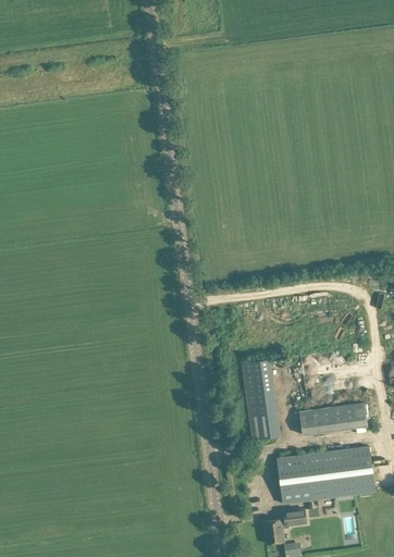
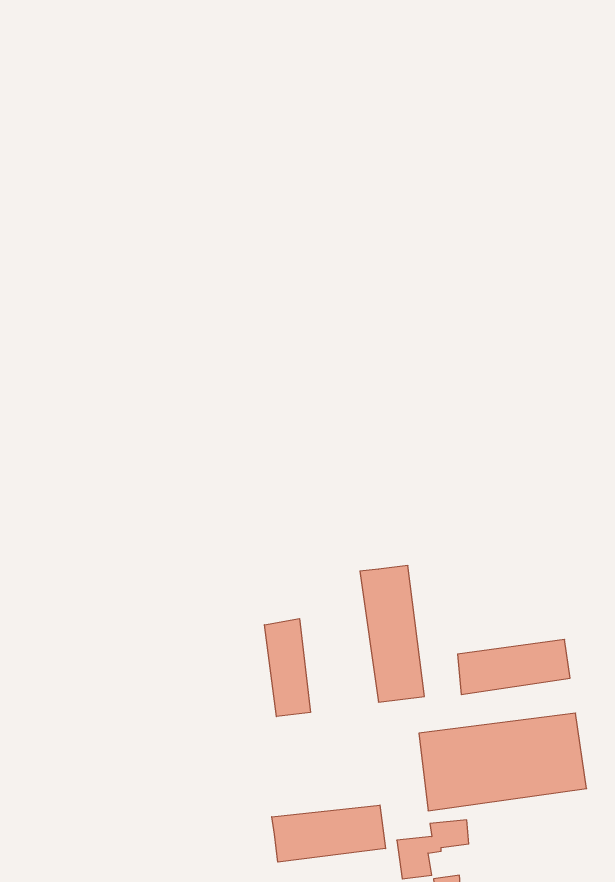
building: none -> [264,619,310,717]
building: none -> [272,805,386,862]

